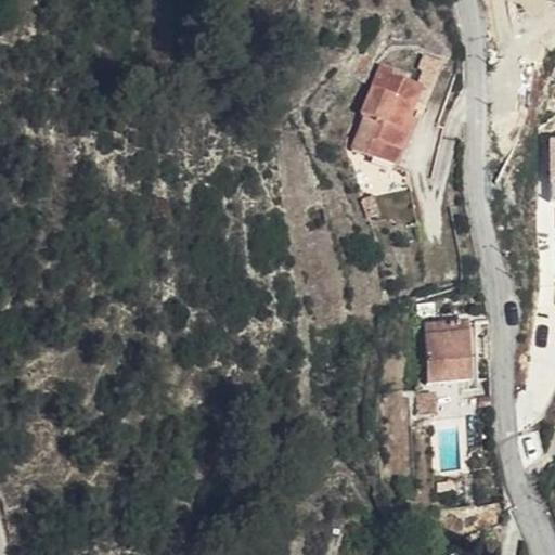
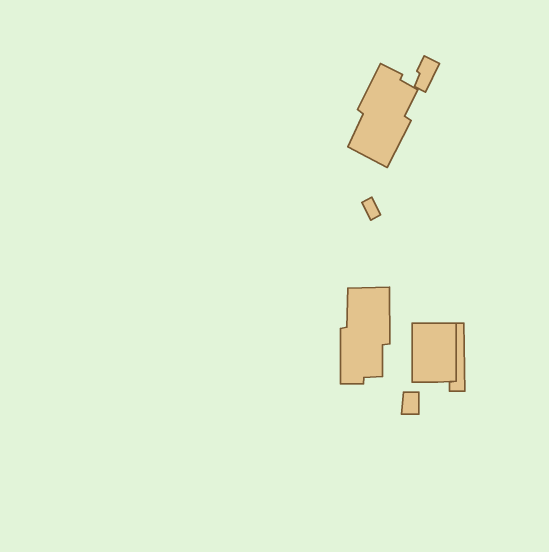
building: none -> [341,287,390,384]

